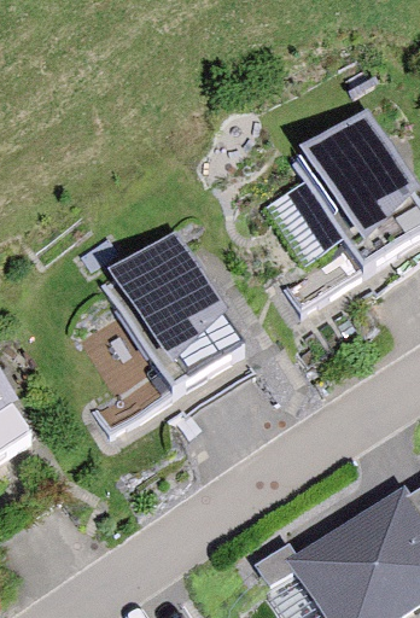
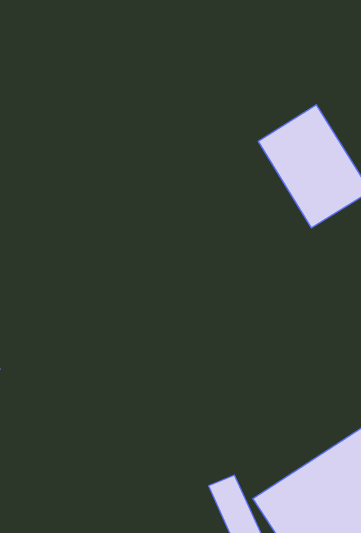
building: [110,235,241,379] -> none

